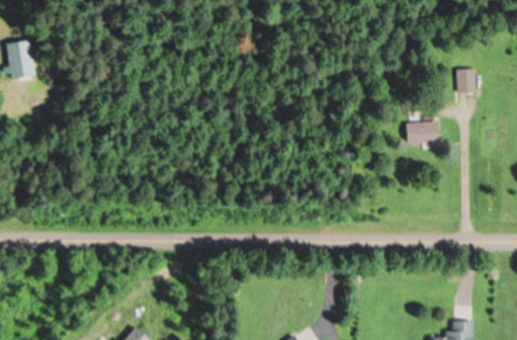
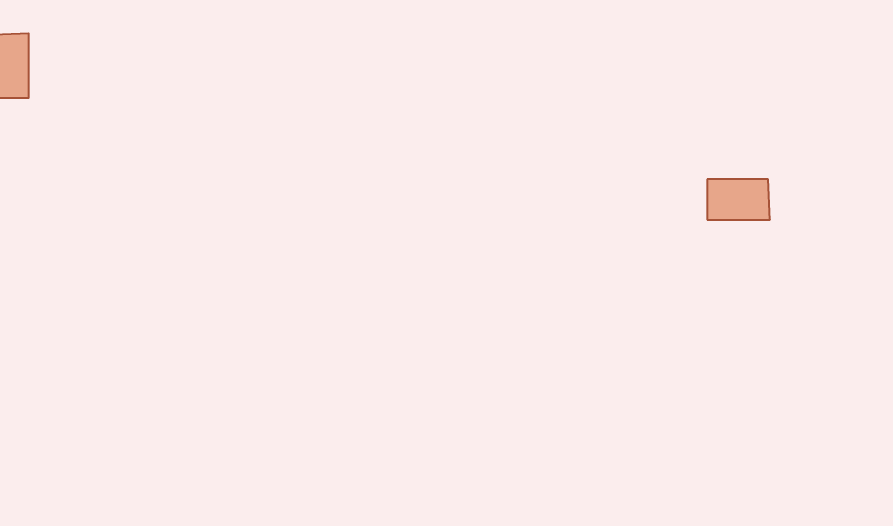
building: [458,70,479,94] -> none

